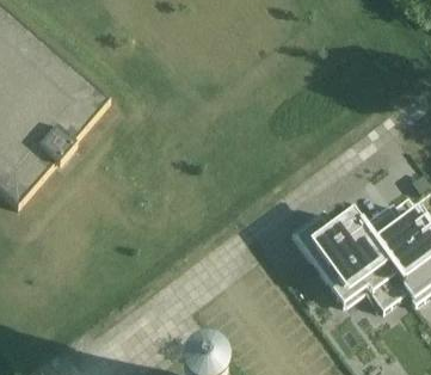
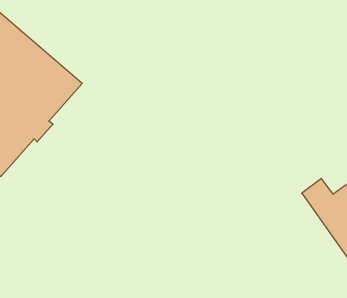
building: [287,213,405,307] -> none

